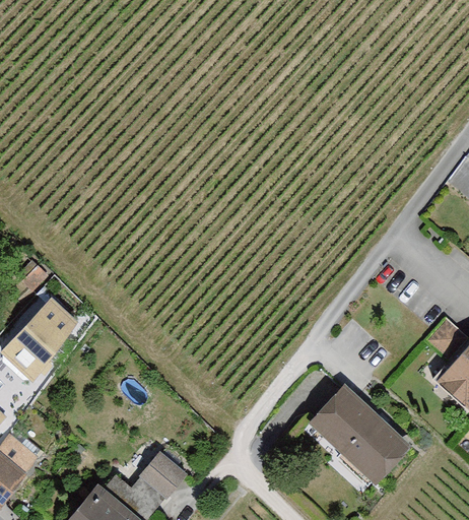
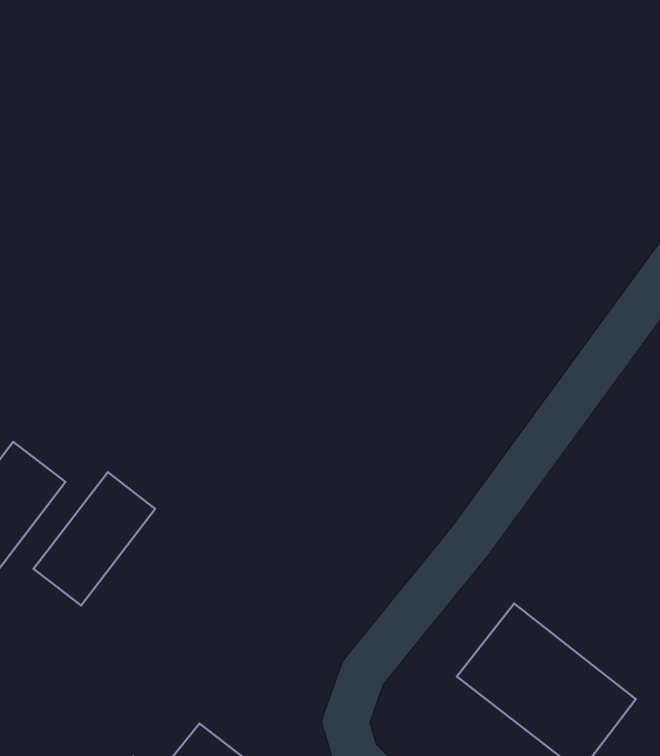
building: none -> [34,472,155,605]

